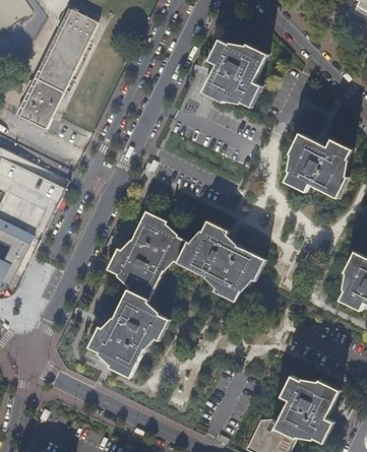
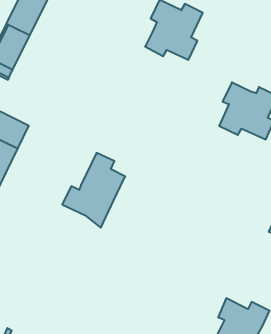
building: [167,220,264,302] -> none
building: [88,281,169,377] -> none

